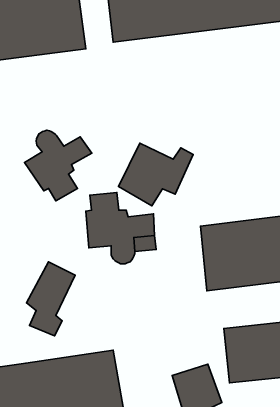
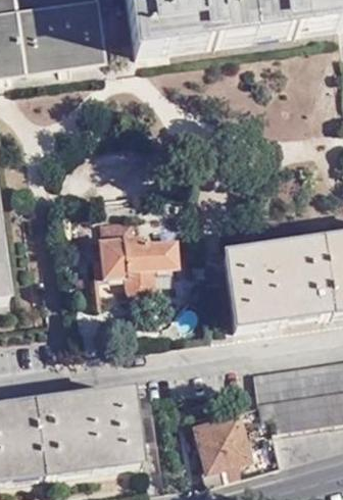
building: [25,130,92,201] -> none
building: [118,143,193,206] -> none
building: [26,262,75,336] -> none

